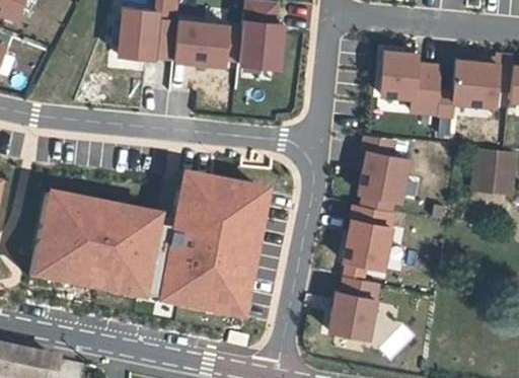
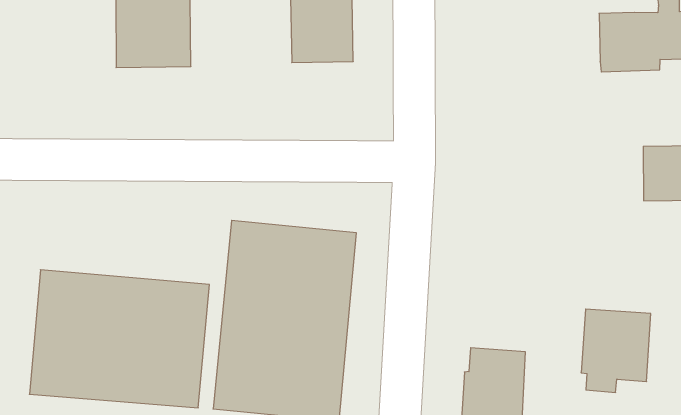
building: [174,23,230,69] -> none
building: [380,49,452,111] -> none
building: [357,153,411,212] -> none
building: [342,220,394,280] -> [581,309,651,392]

